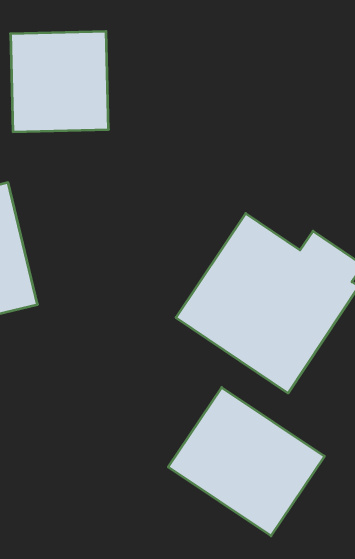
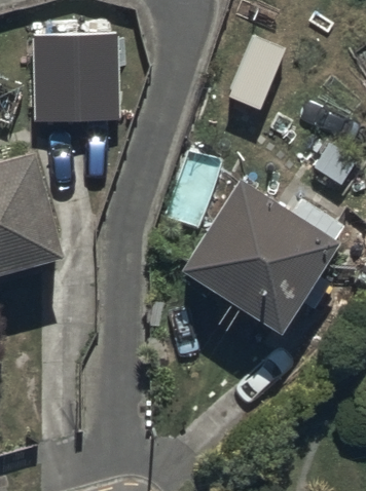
building: [168,387,324,536] -> none

